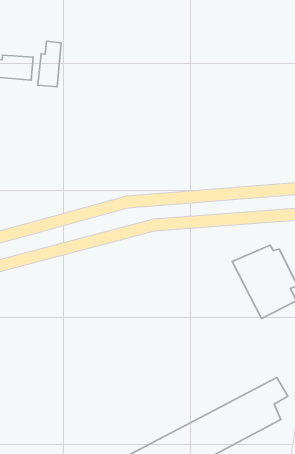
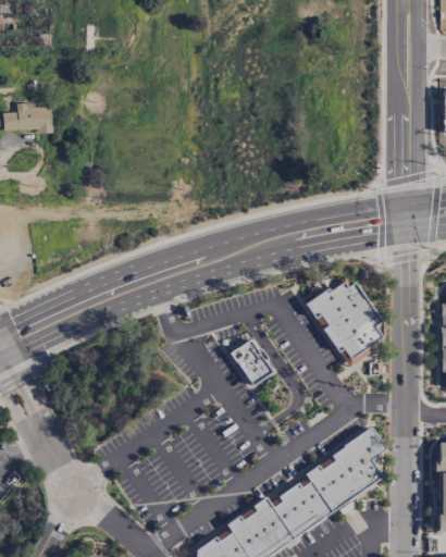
building: [38,41,61,87] -> none
building: none -> [228,339,274,389]

